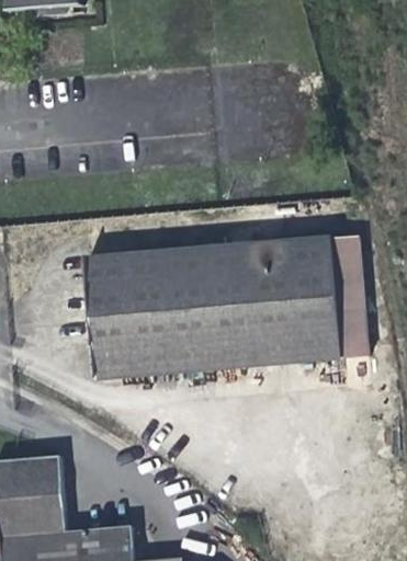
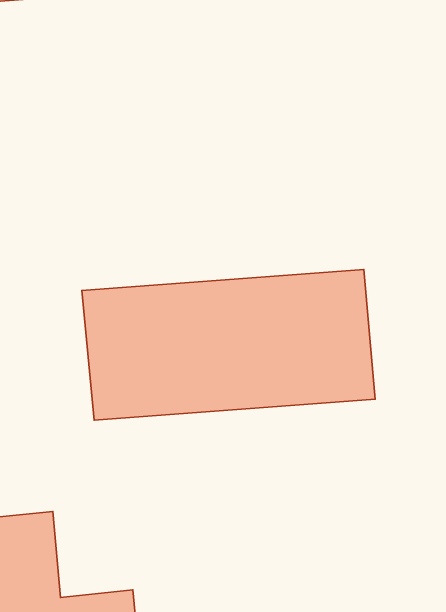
building: [332,240,368,356] -> none

